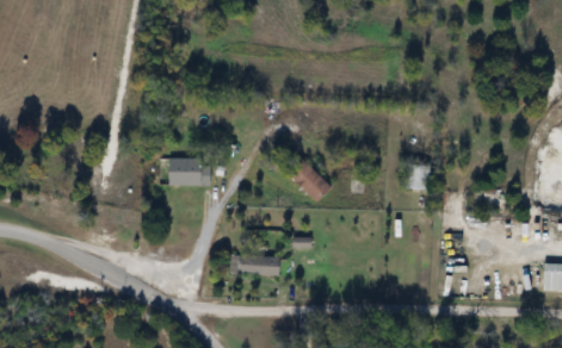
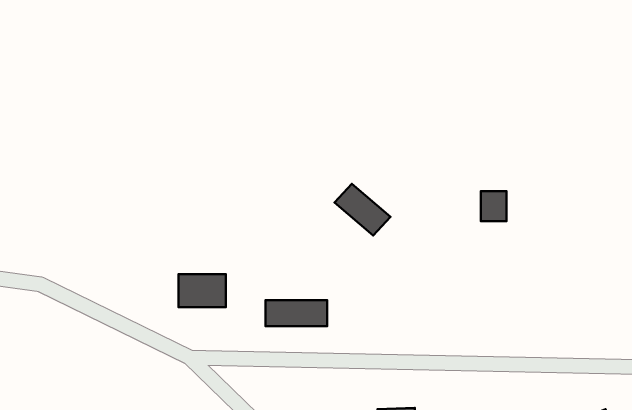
building: [169,157,209,185] -> [178,274,226,307]

